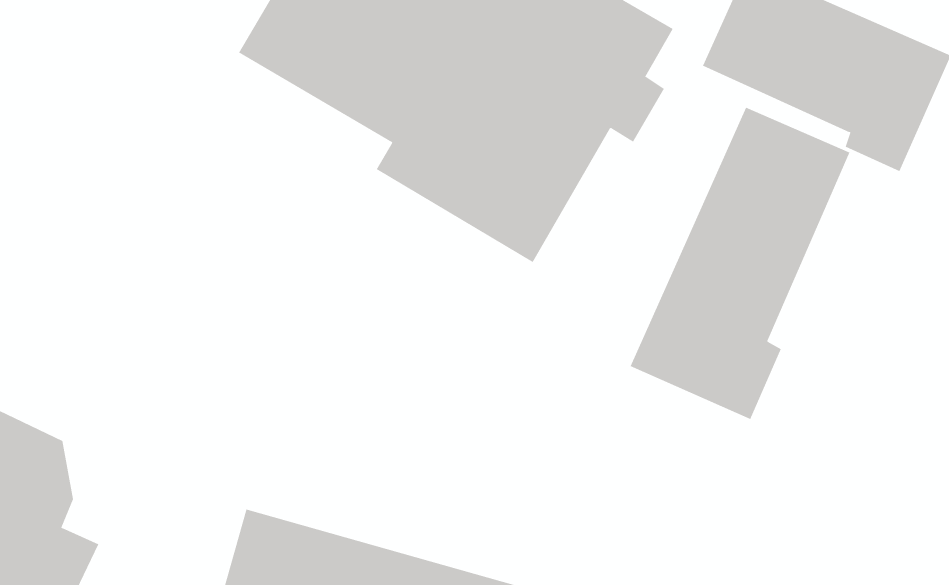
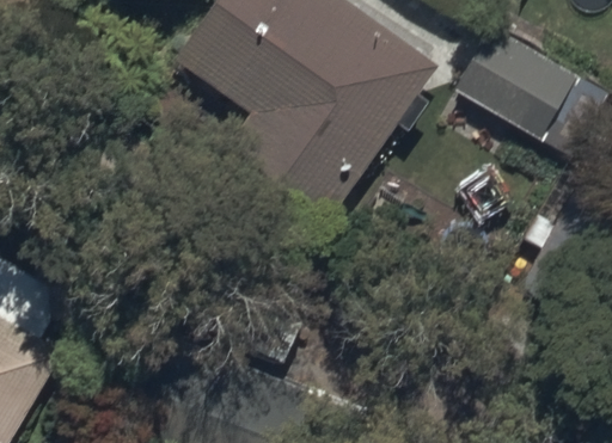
building: [630,107,850,420] -> none

